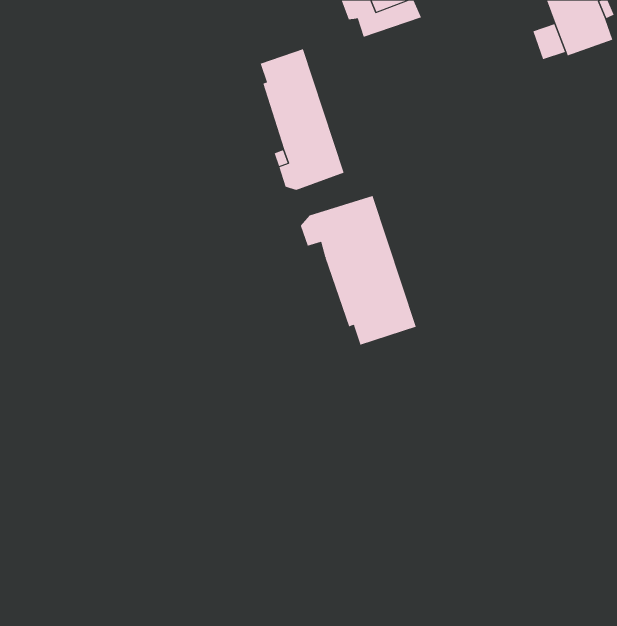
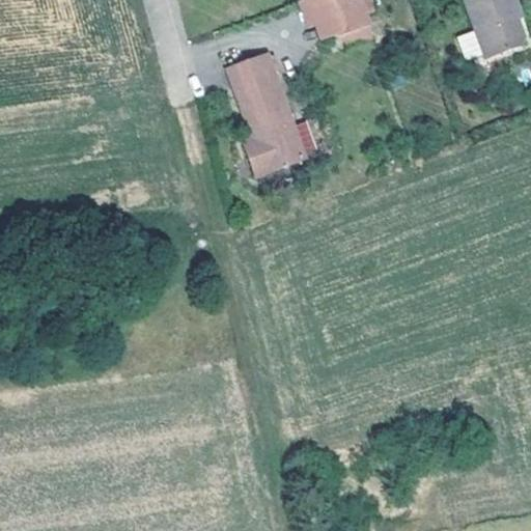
building: [300,195,417,345] -> none

